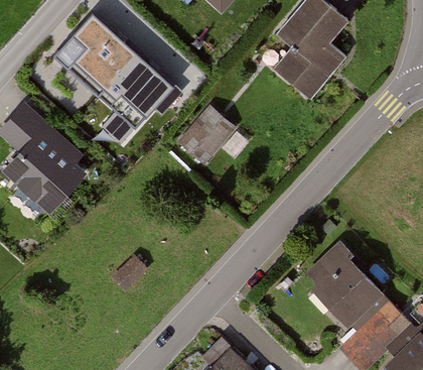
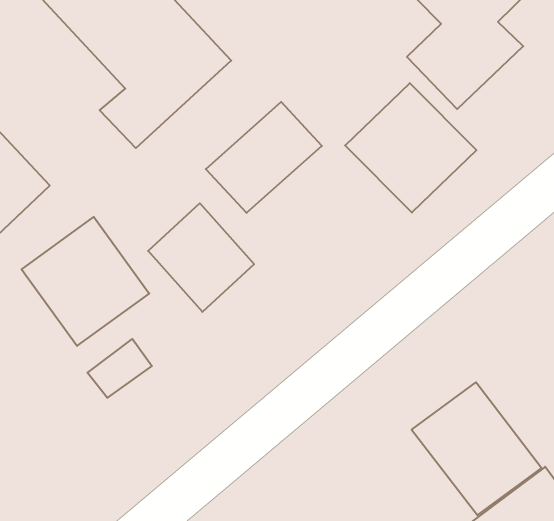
building: none -> [345,83,476,213]
building: none -> [148,203,254,312]
building: none -> [22,217,149,346]

